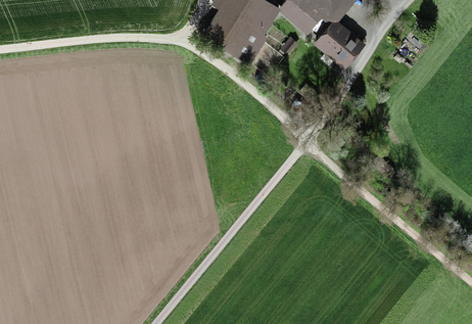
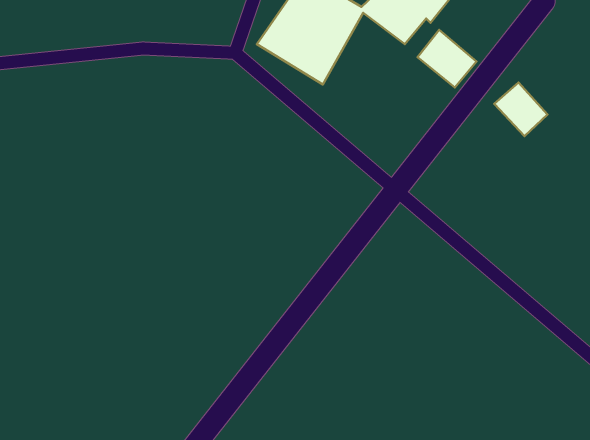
building: none -> [494,82,548,136]

